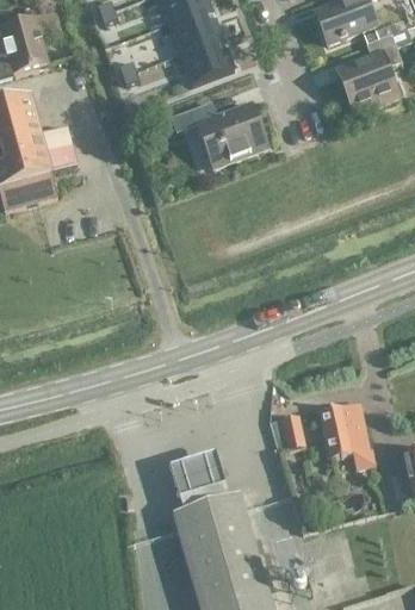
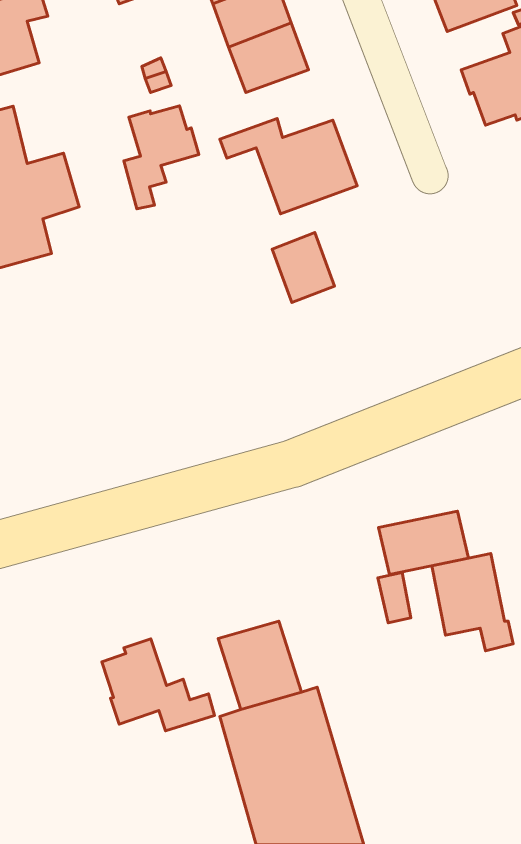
building: none -> [124,106,199,209]
building: none -> [272,232,334,303]
building: none -> [378,511,469,574]
building: none -> [102,639,214,731]

